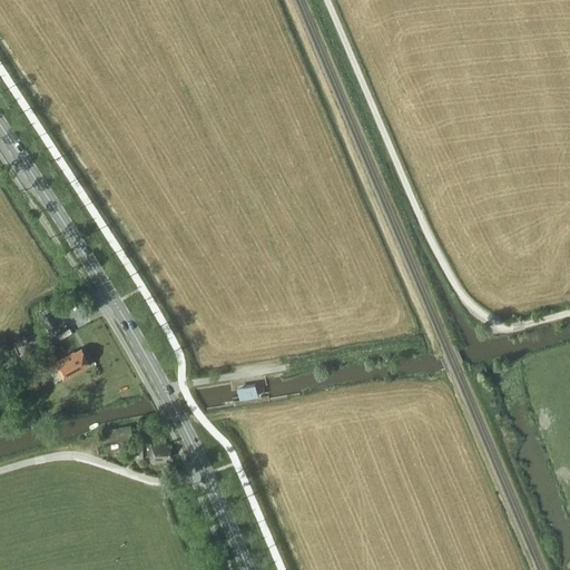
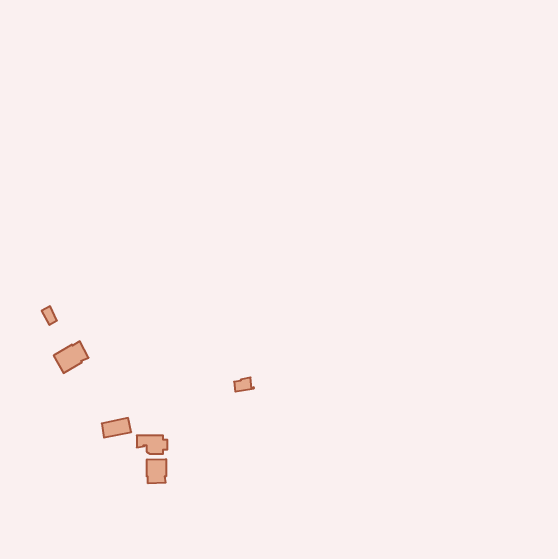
building: none -> [147,459,166,483]

